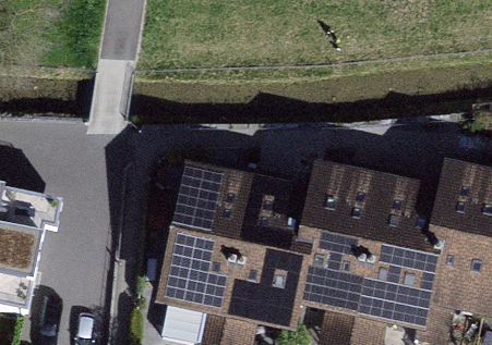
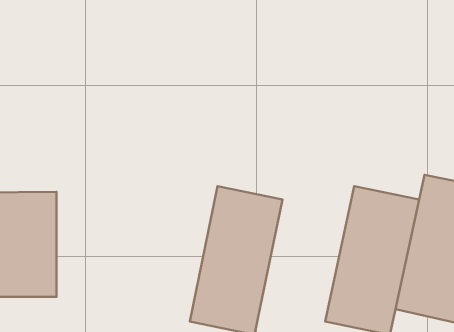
building: [156,171,248,317] -> none
building: [289,172,381,317] -> none

